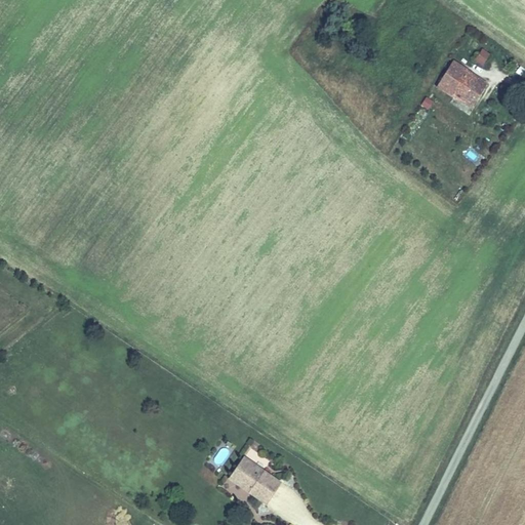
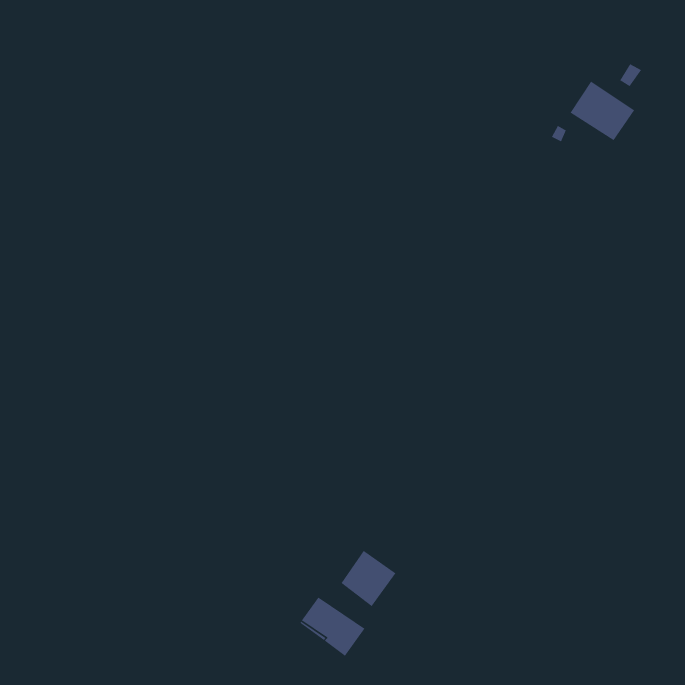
building: none -> [340,550,396,607]

